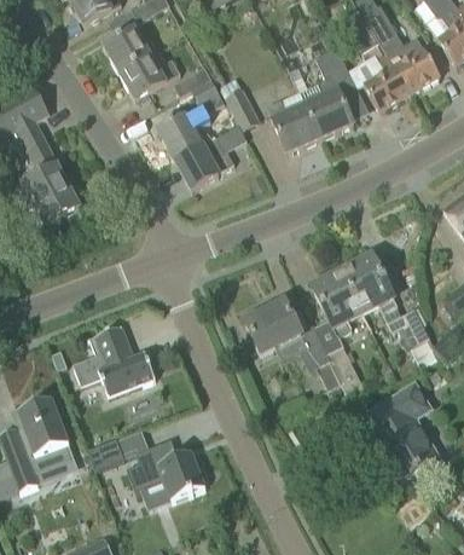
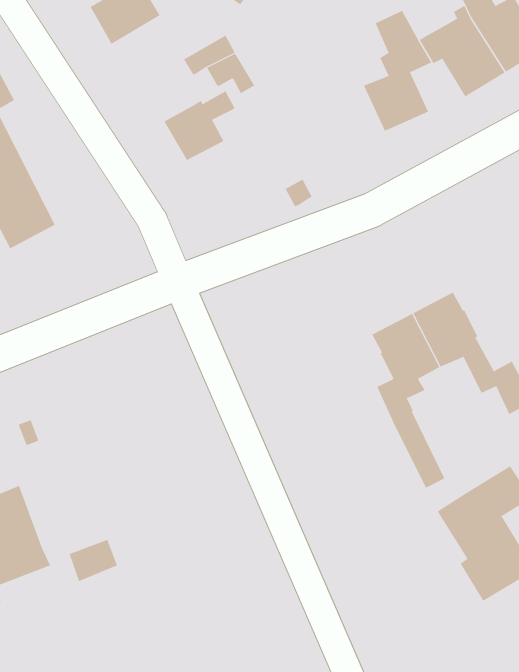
building: [118,51,180,99] -> none
building: [224,86,259,128] -> none
building: [266,98,320,152] -> none
building: [174,137,233,189] -> none
building: [244,301,341,388] -> none
building: [72,324,155,397] -> none
building: [124,439,208,499] -> none

